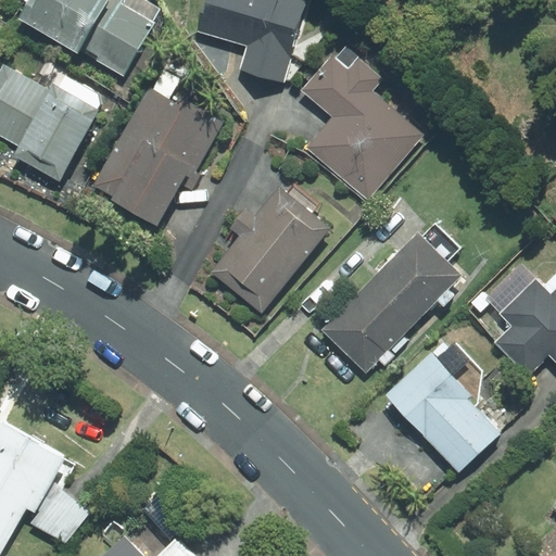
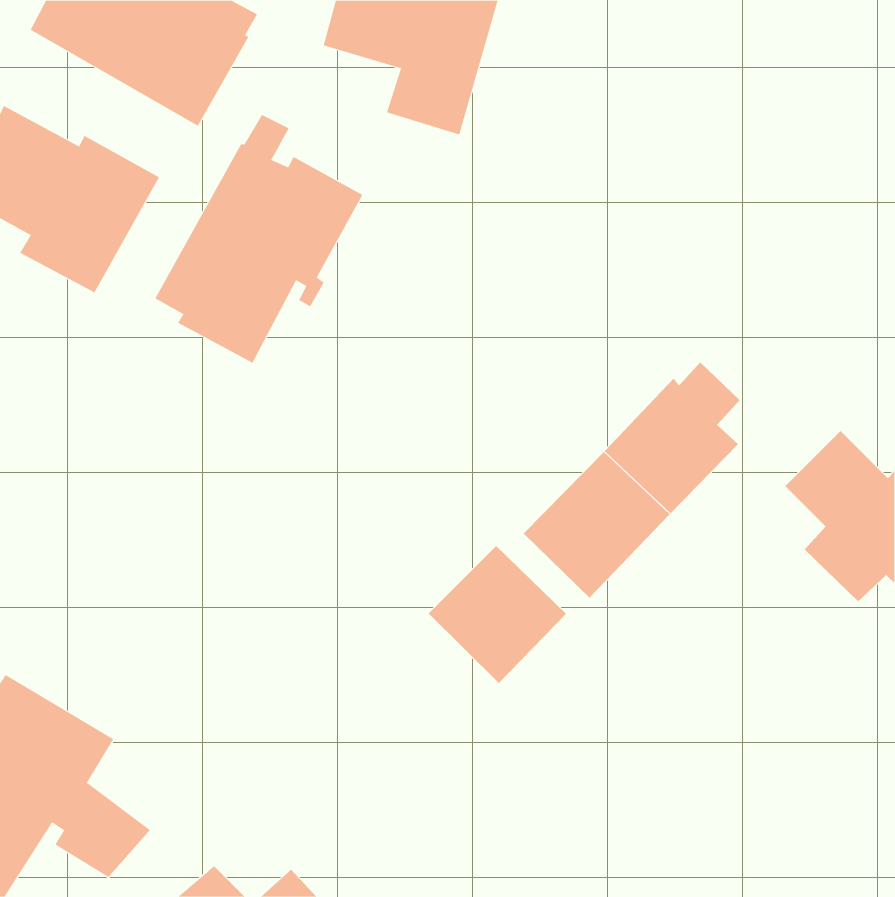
building: [302,47,422,201] -> none
building: [211,187,327,312] -> none
building: none -> [428,545,567,684]
building: [387,342,500,472] -> none

